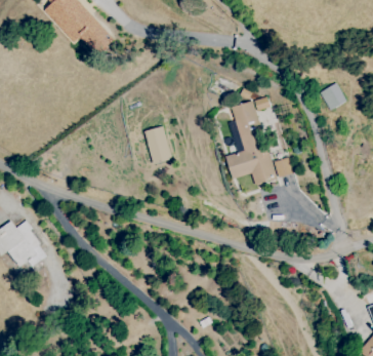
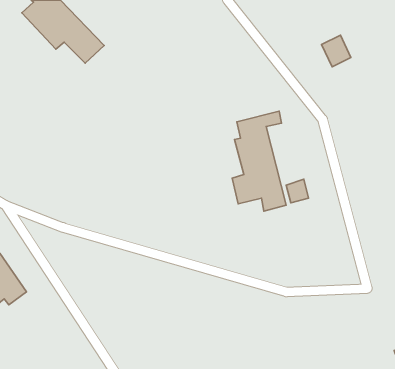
building: [320,83,345,111] -> [322,35,351,67]
building: [144,126,171,164] -> none

